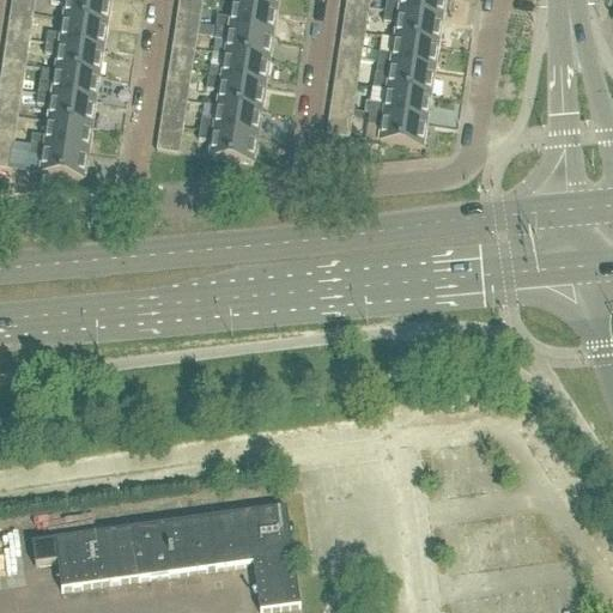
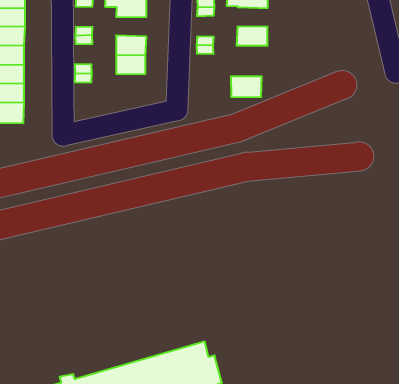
building: [206,48,266,80] -> none
building: [387,57,431,90] -> none
building: [378,109,424,142] -> [231,76,262,97]
building: [210,125,254,158] -> none

